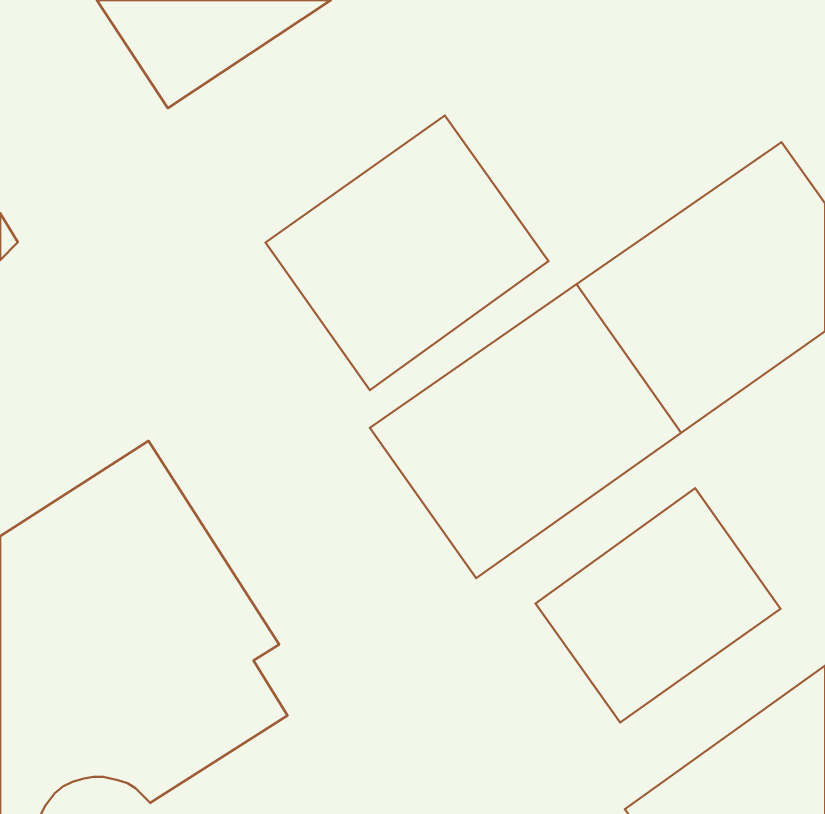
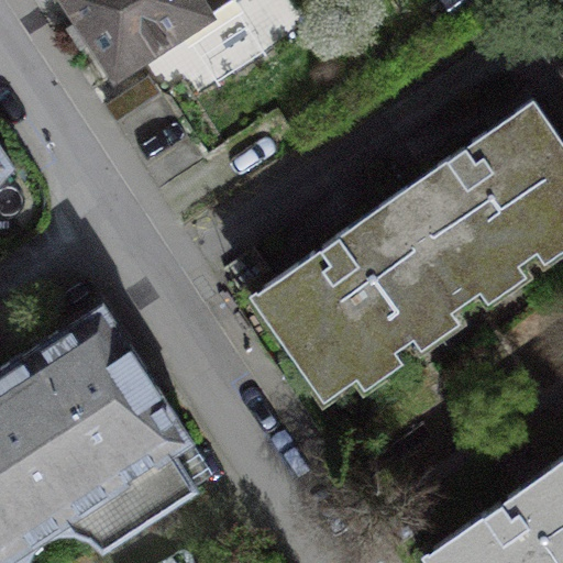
building: [265,115,548,390] -> none
building: [536,488,781,722] -> none

